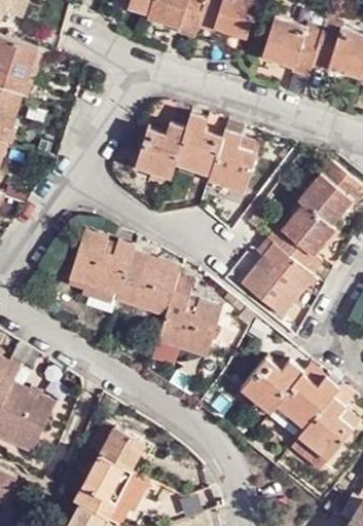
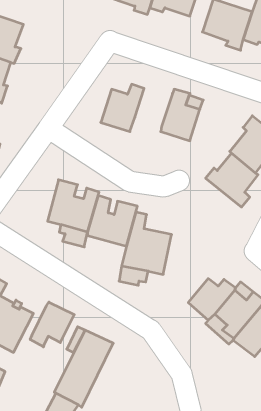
building: [177,112,223,173] -> none
building: [239,236,308,314] -> none
building: none -> [30,302,74,347]

